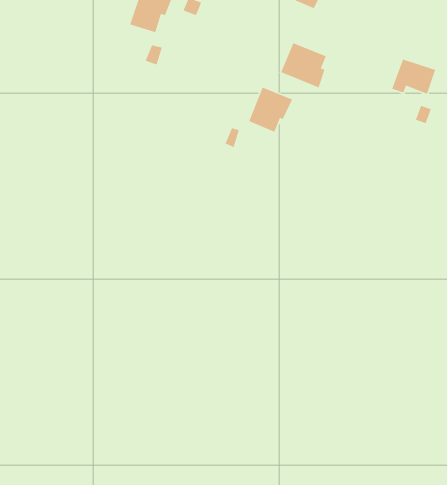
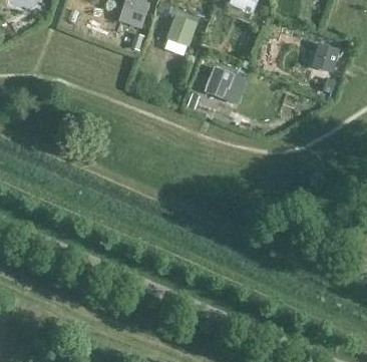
building: none -> [167,16,197,47]
building: [280,42,327,89] -> none

